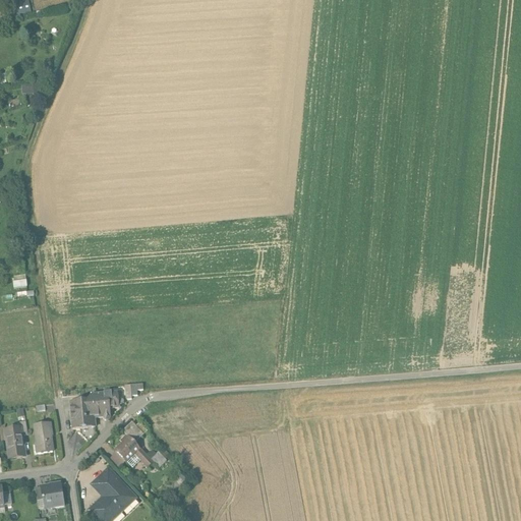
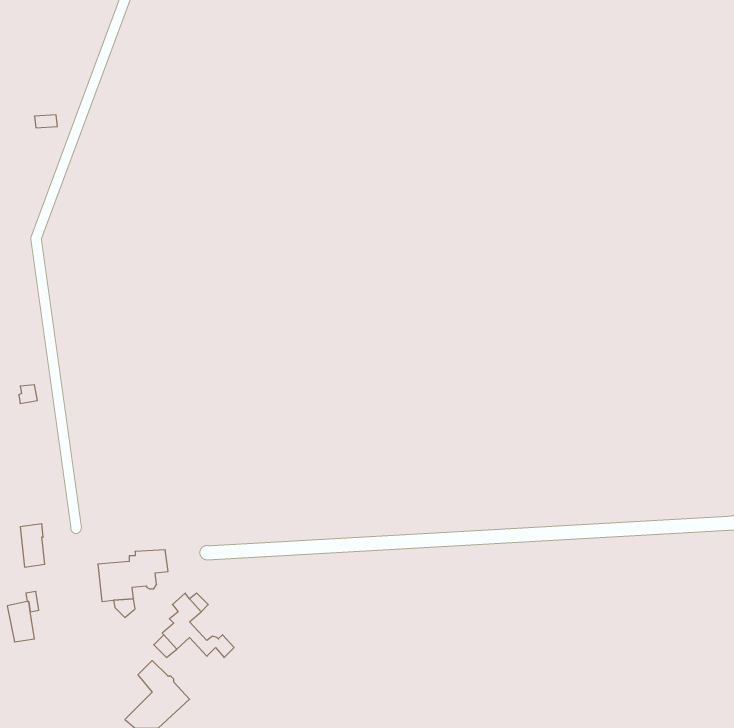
building: [35,420,52,451] -> [20,524,45,567]
building: [41,481,64,505] -> none

